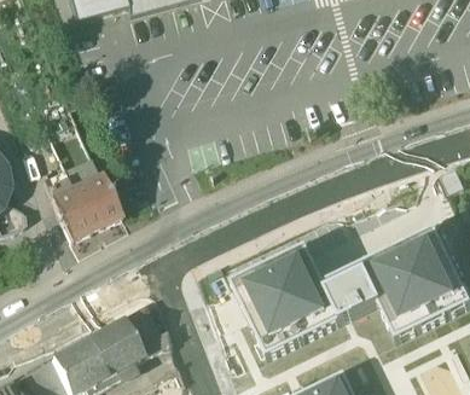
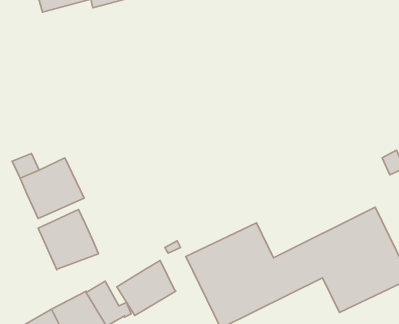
building: none -> [38,209,99,270]
building: none -> [117,261,176,316]

